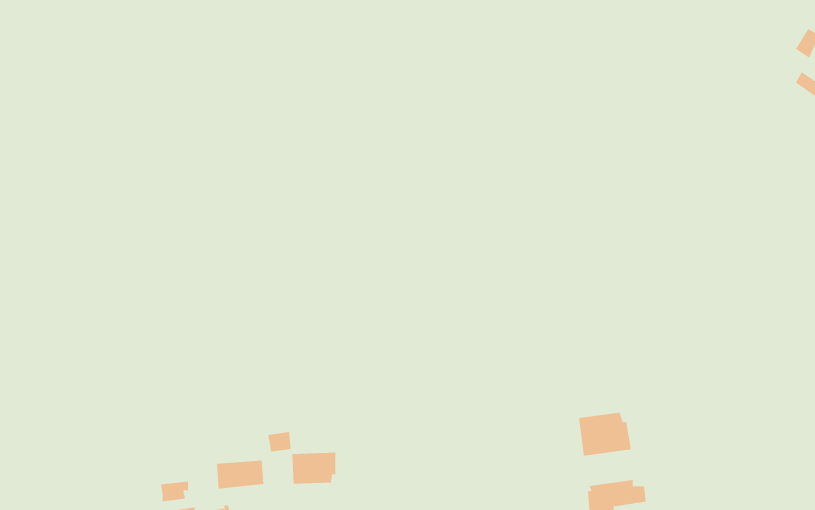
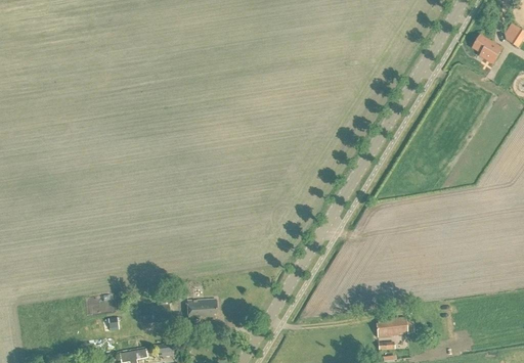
building: none -> [472,35,500,62]
building: [578,412,632,457] -> none

